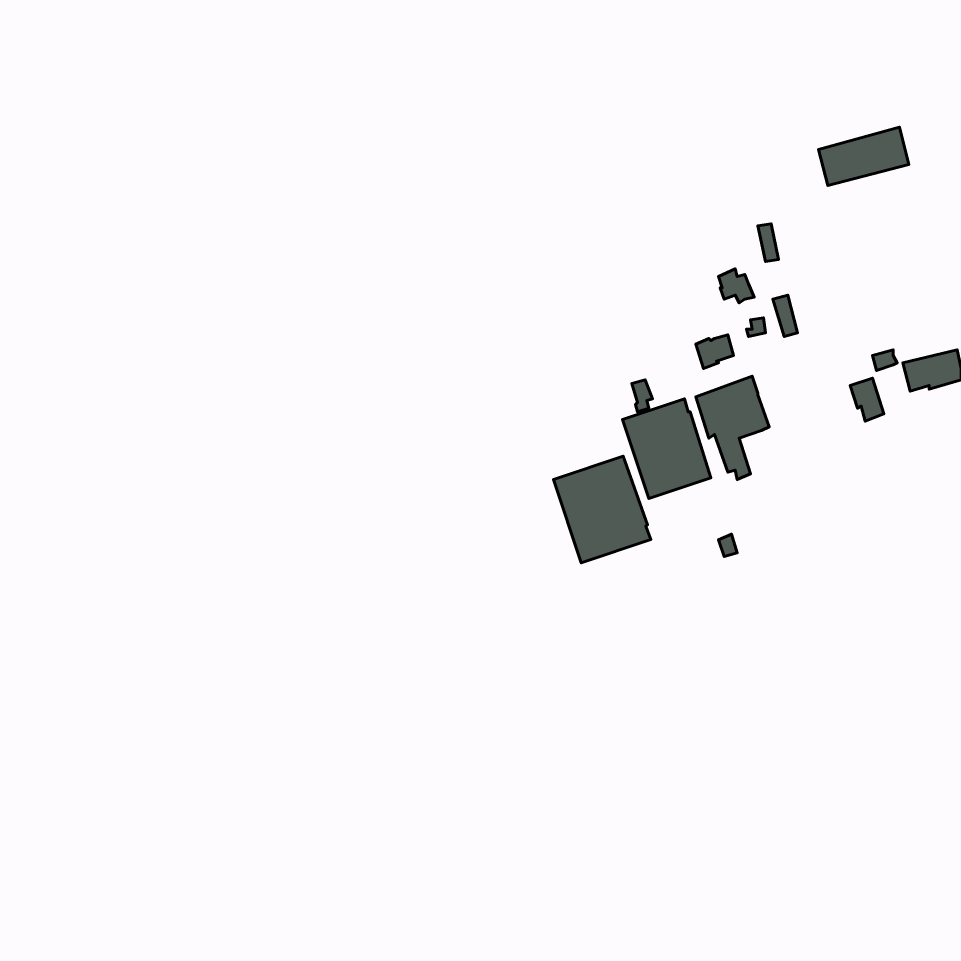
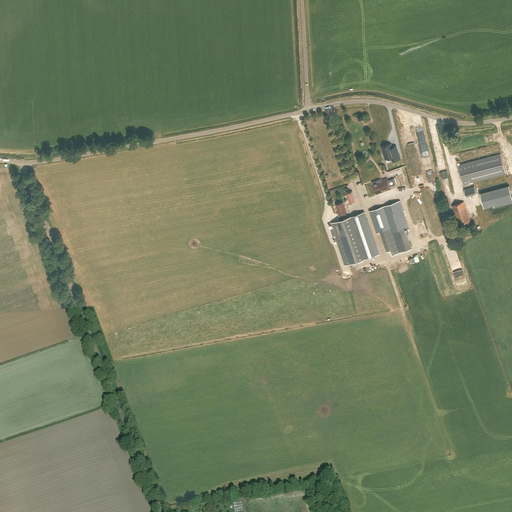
building: [819,127,909,185] -> [458,153,506,184]
building: [554,456,651,563] -> none

